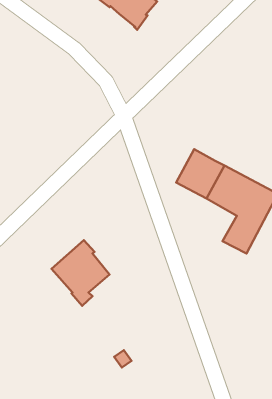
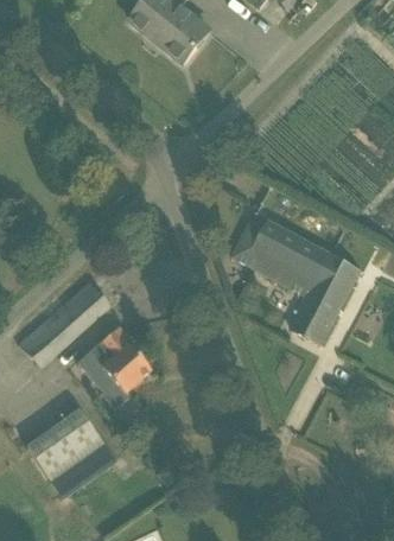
building: none -> [19,281,110,369]
building: none -> [27,410,104,483]

